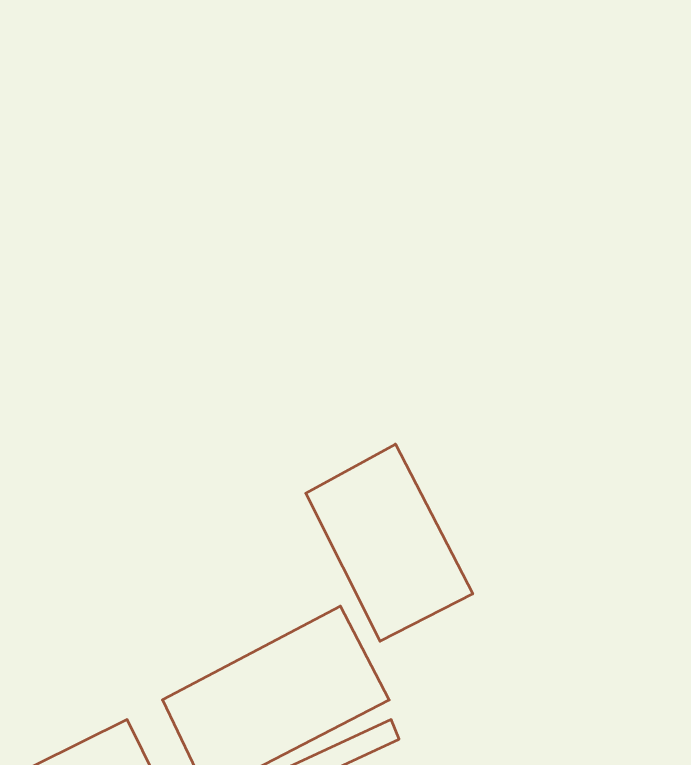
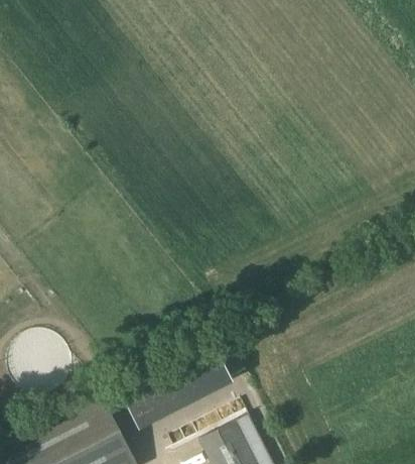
building: [306,444,473,641] -> none

